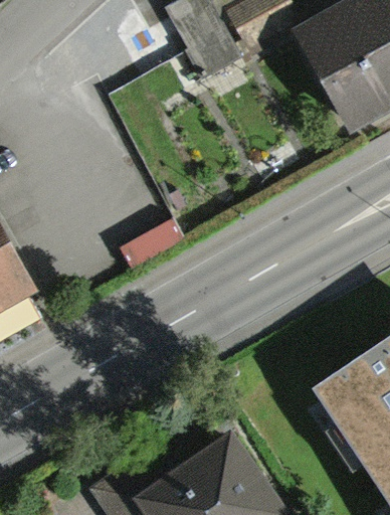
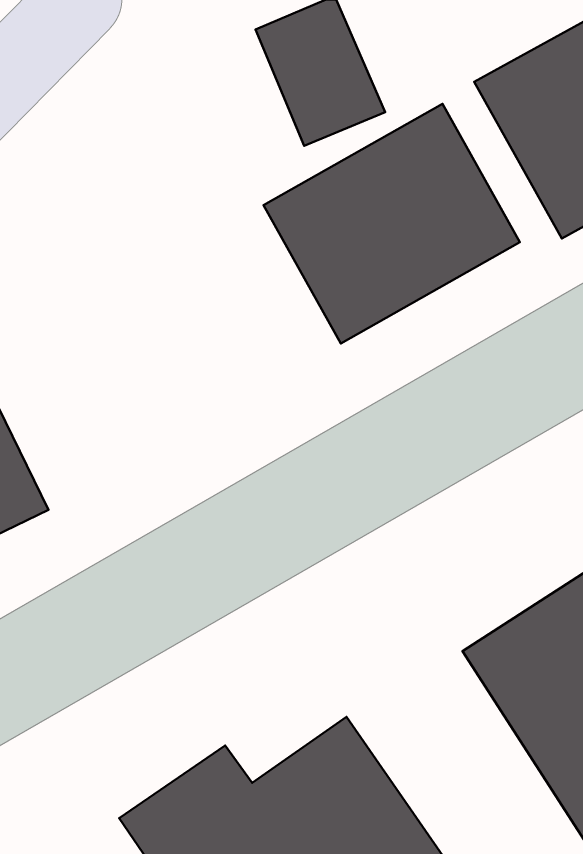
building: none -> [264,104,520,343]

